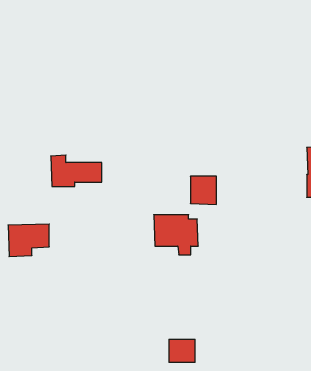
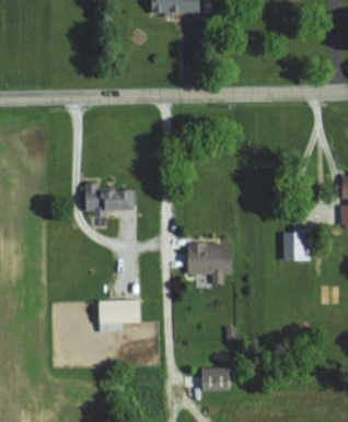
building: [190,176,216,204] -> [283,232,310,260]
building: [8,224,49,257] -> [98,300,140,332]

